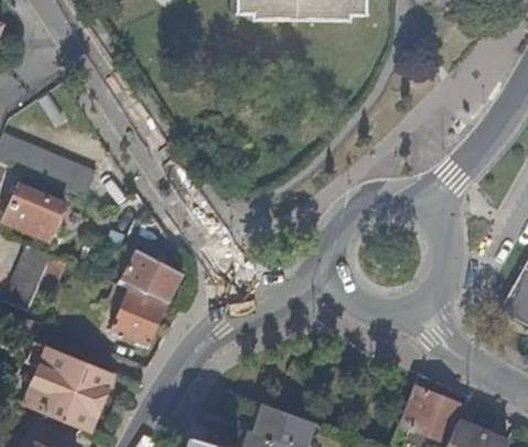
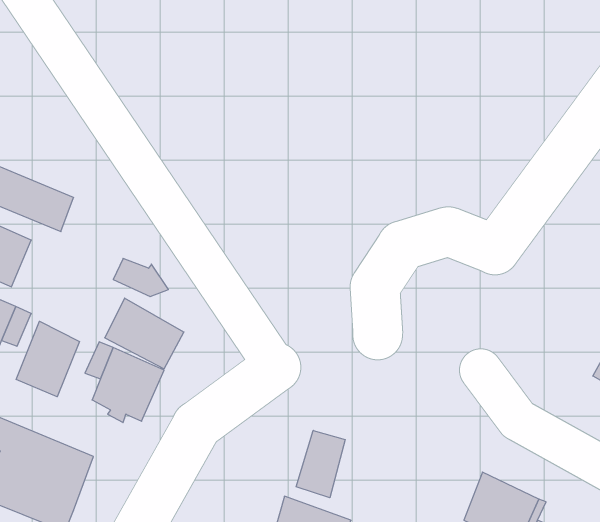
building: none -> [16,321,79,397]
building: none -> [296,430,345,498]

